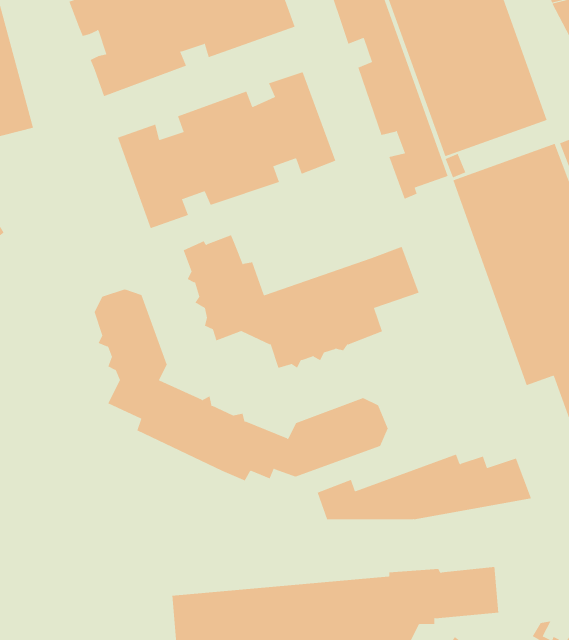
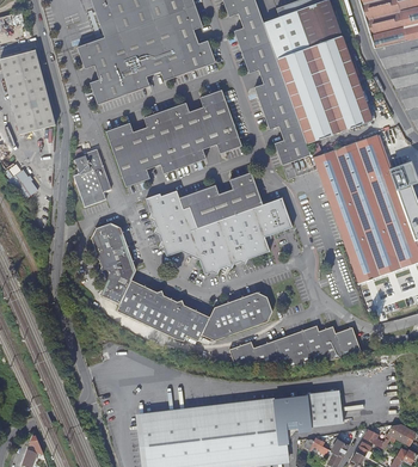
building: none -> [74,148,111,207]
building: none -> [179,171,263,227]

